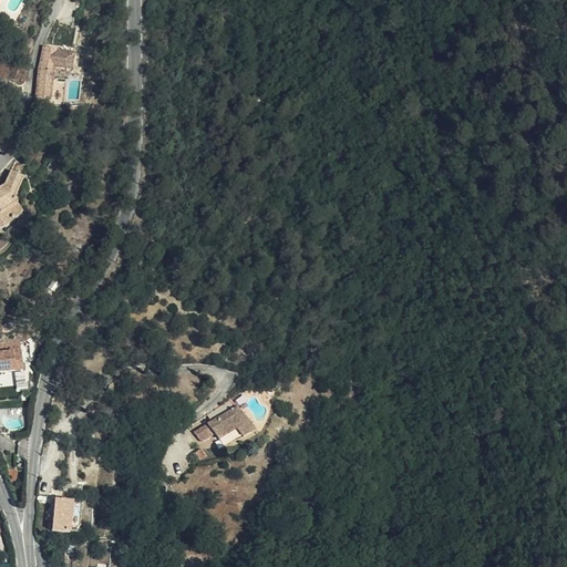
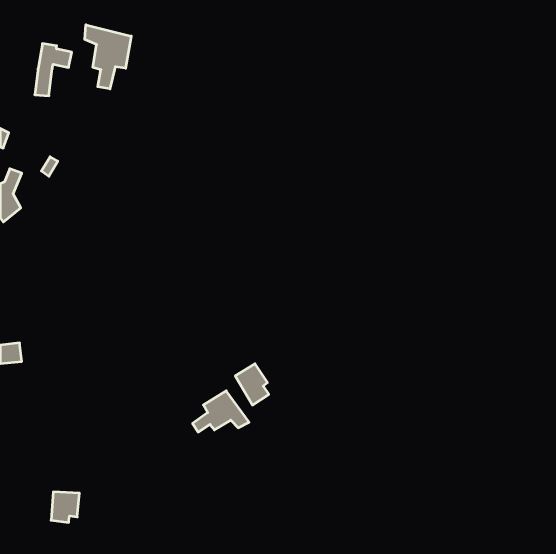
building: none -> [85,25,131,89]
building: none -> [235,364,269,405]

